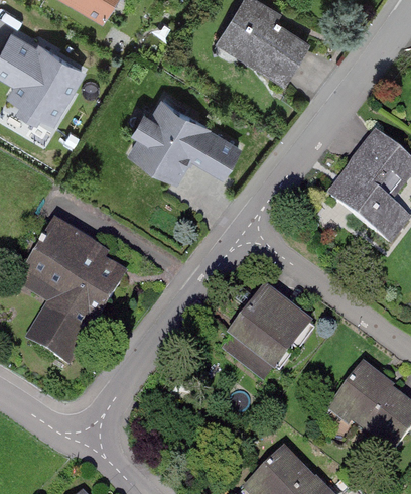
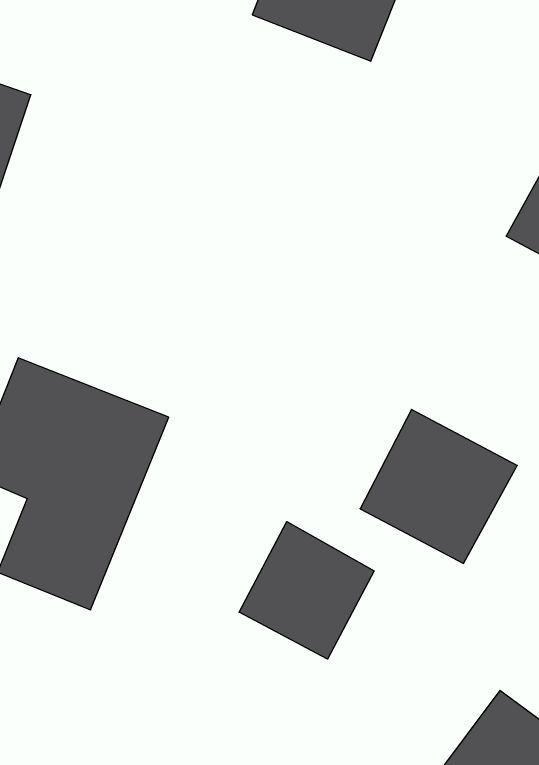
building: [128,103,237,204] -> none
building: none -> [239,522,374,659]

